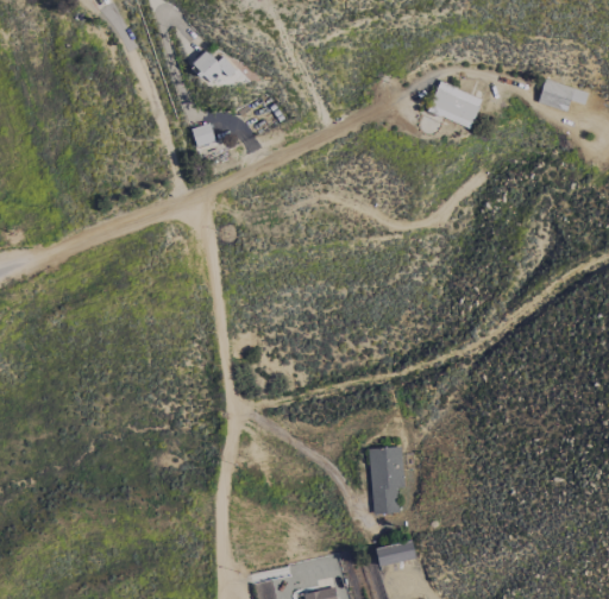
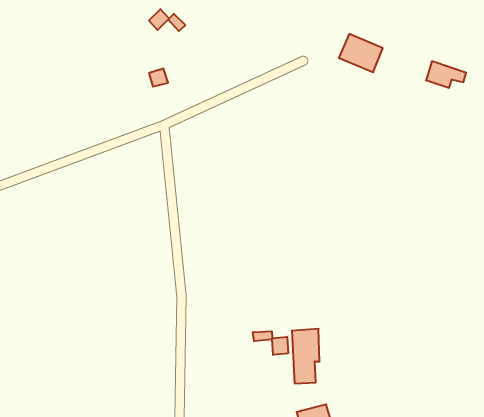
building: [538,78,588,112] -> [426,61,466,88]
building: none -> [253,331,288,355]

